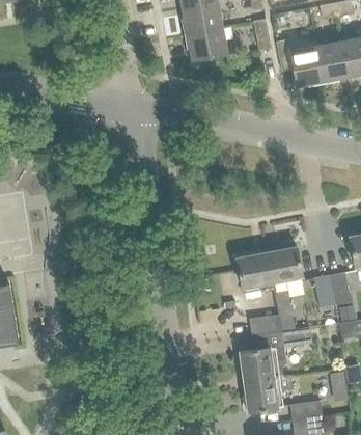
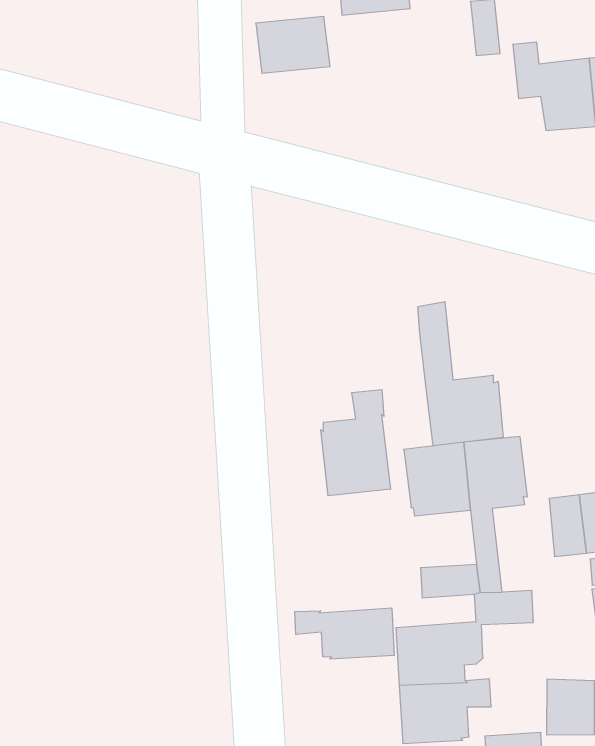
building: [186,27,226,59] -> [256,16,330,73]
building: none -> [418,302,503,446]
building: none -> [321,390,391,496]
building: none -> [295,608,394,659]

